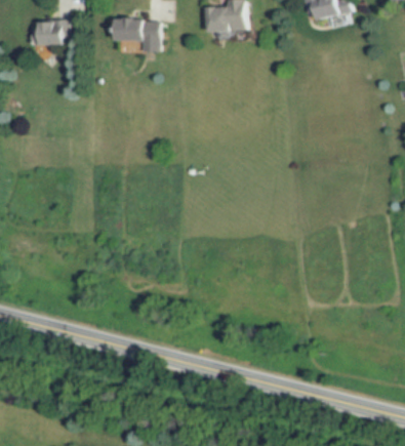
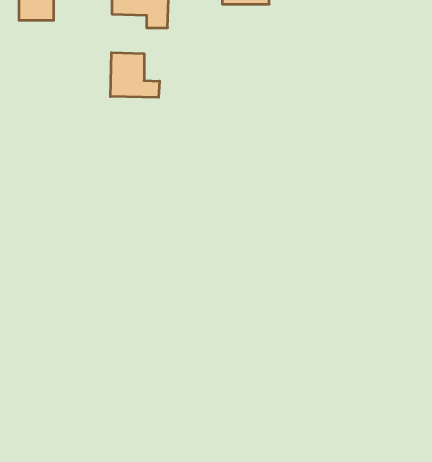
building: none -> [110,53,160,97]

